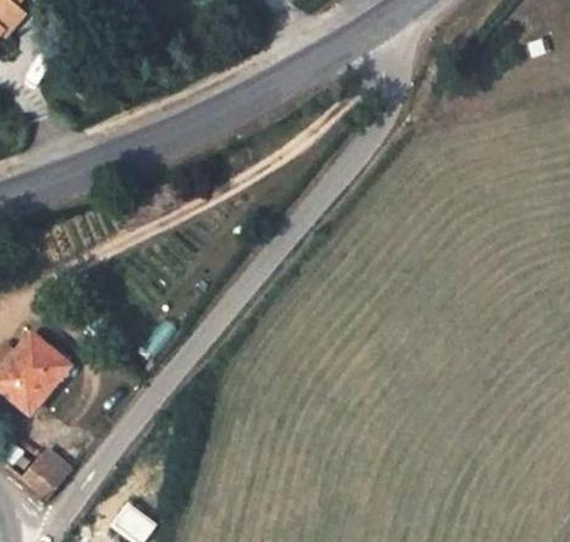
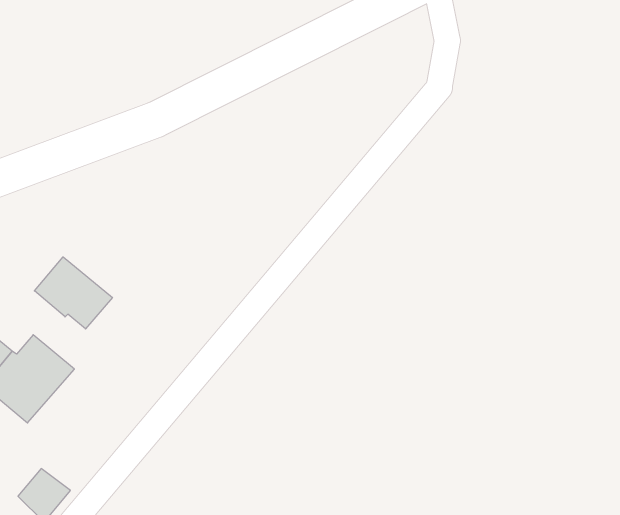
building: none -> [34,257,112,329]

